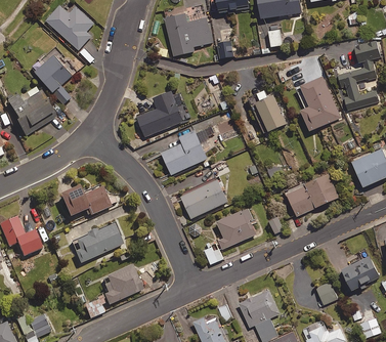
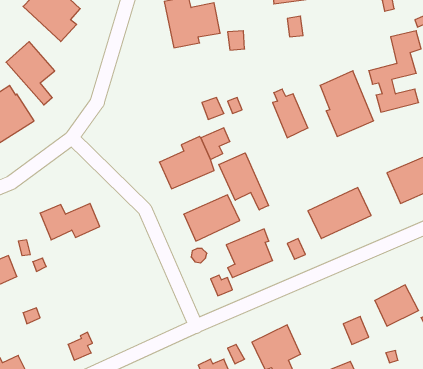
building: [136,91,183,137] -> none
building: none -> [219,153,269,210]
building: [71,222,123,263] -> none
building: [102,265,142,305] -> none

